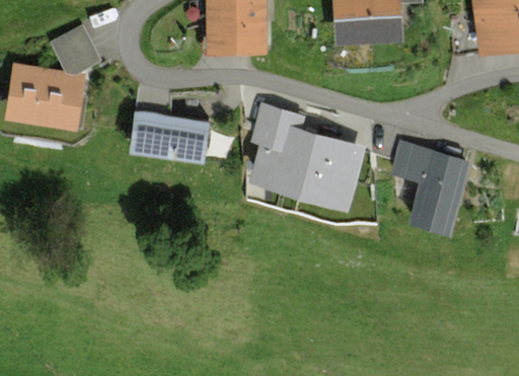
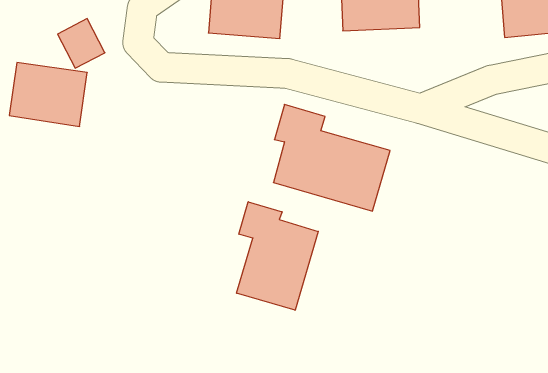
building: [140,118,213,162] -> none
building: [389,140,468,234] -> none
building: none -> [237,202,318,310]

